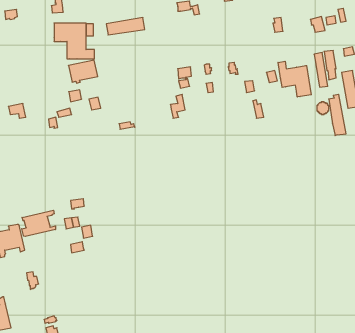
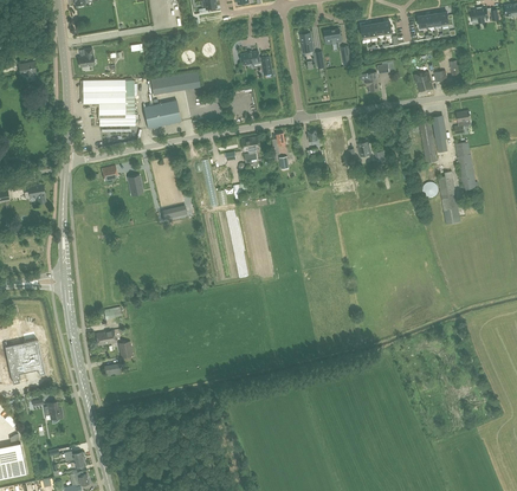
building: [68,60,98,83] -> [143,99,181,129]
building: [278,61,311,97] -> none
building: [22,210,56,236] -> none

